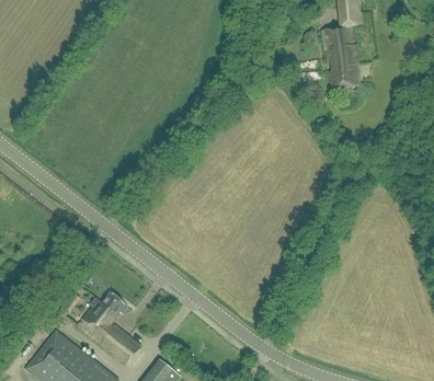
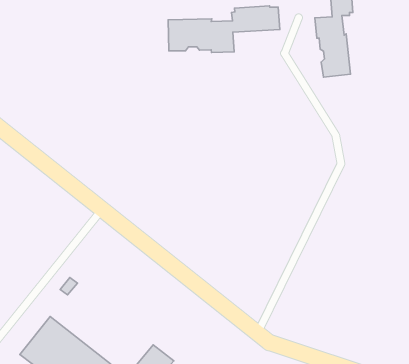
building: none -> [168,6,280,52]
building: [77,291,139,363] -> none

